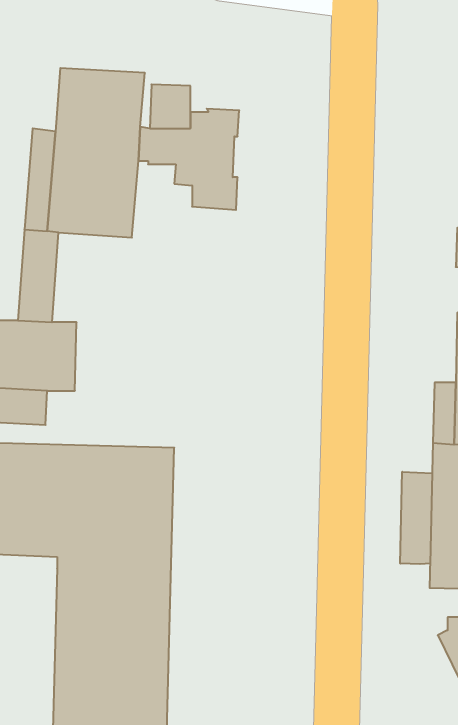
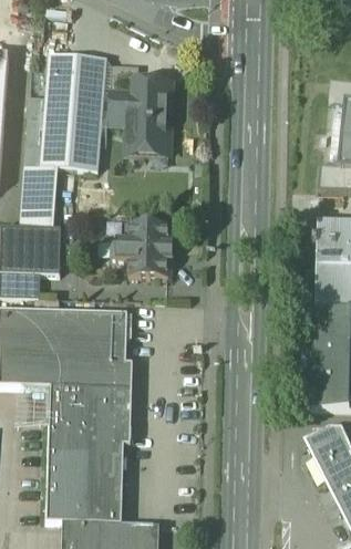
building: none -> [116,221,174,276]
building: [400,472,432,564] -> none

